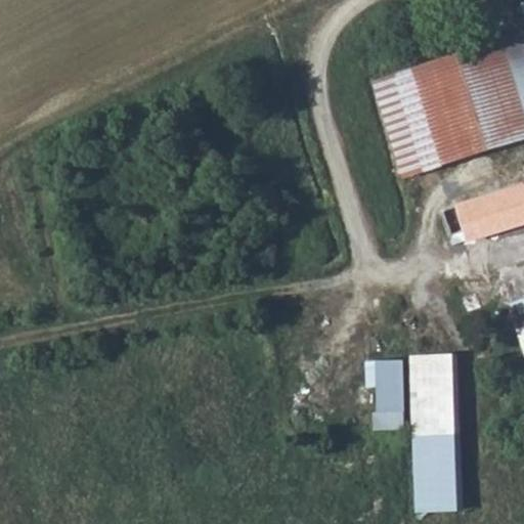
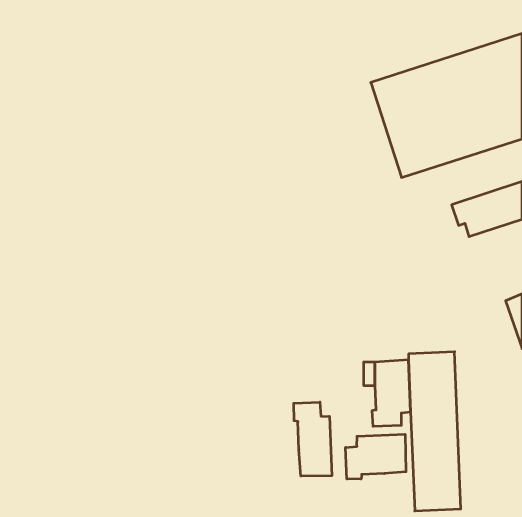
building: none -> [294,402,332,476]
building: none -> [346,434,406,479]

